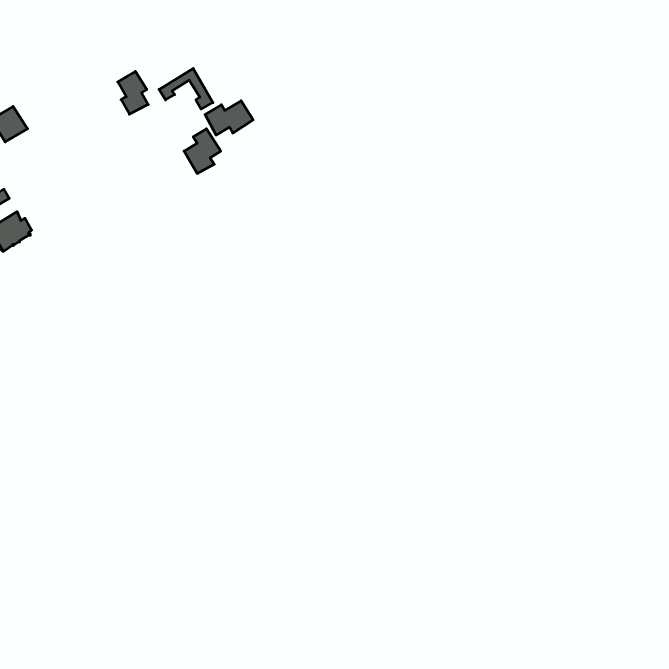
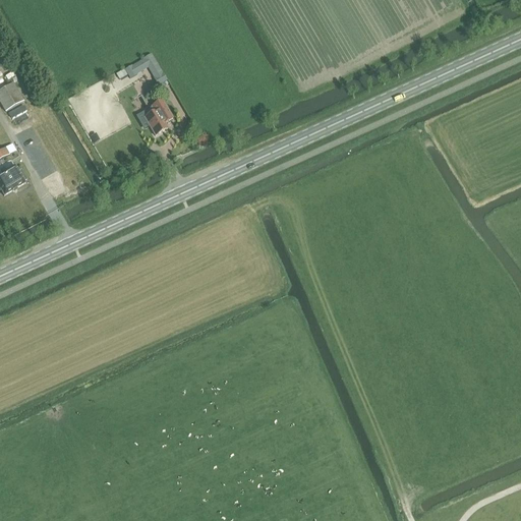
building: [118,71,148,114] -> none
building: [205,101,253,135] -> none

